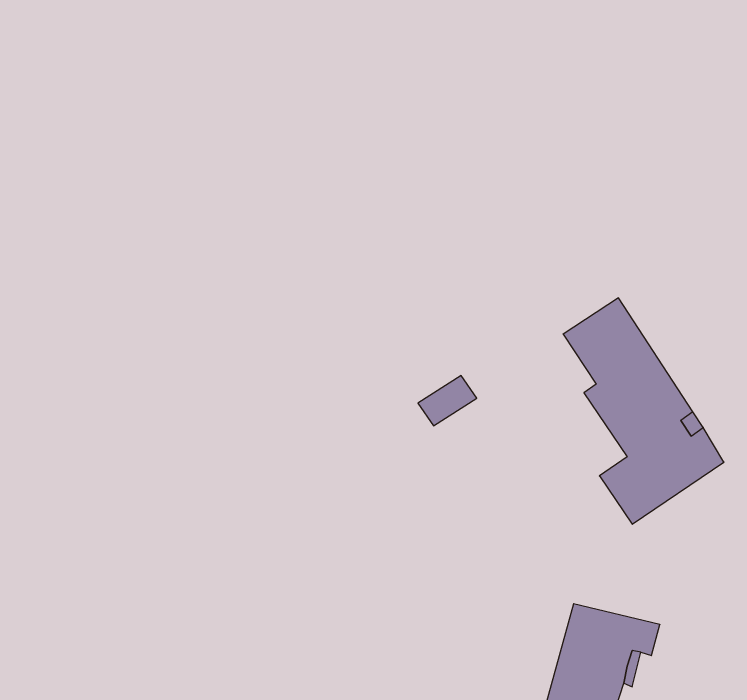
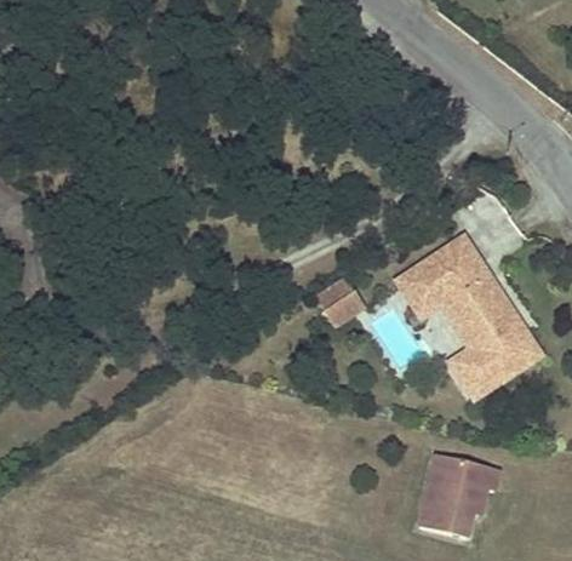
building: none -> [397,263,448,316]

